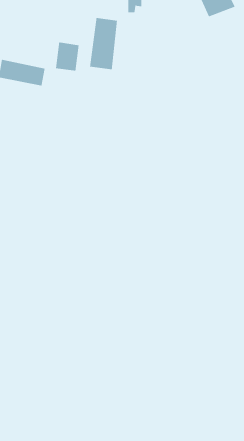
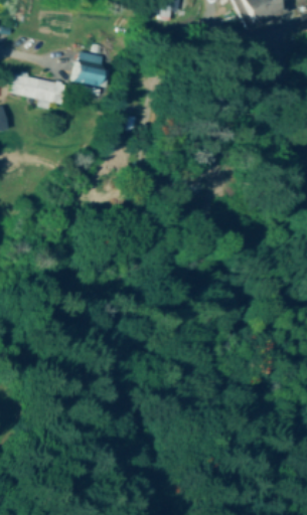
building: [90,17,118,70] -> none

